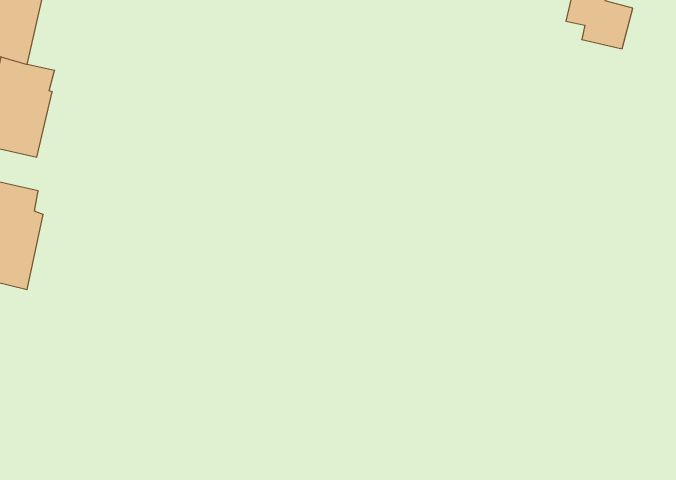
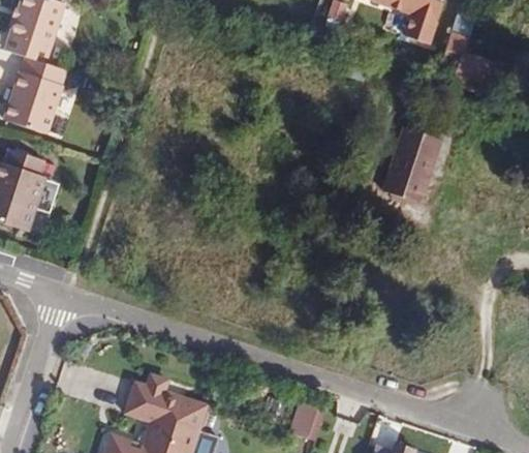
building: none -> [387,123,445,200]

